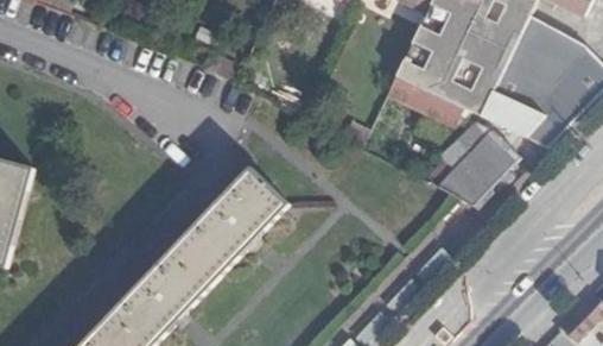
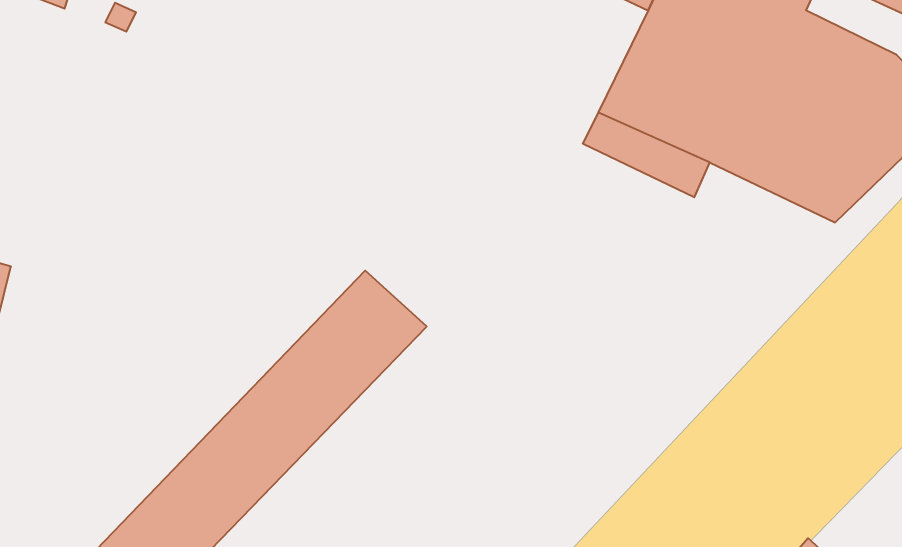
building: [421,118,510,199] -> none

